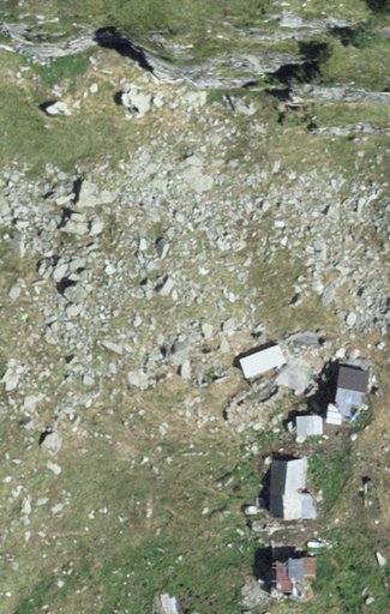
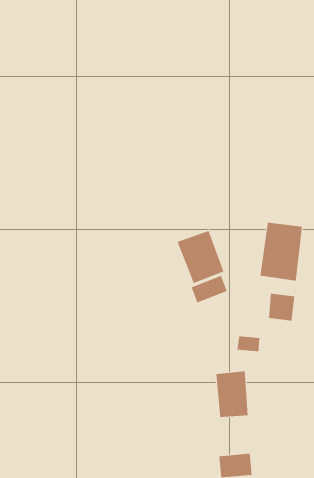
building: none -> [260,222,303,282]
building: none -> [177,230,224,284]

